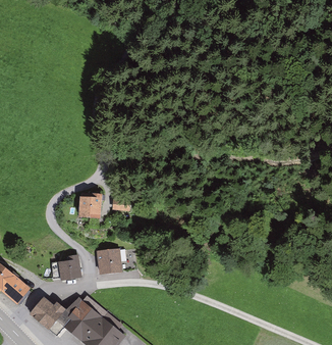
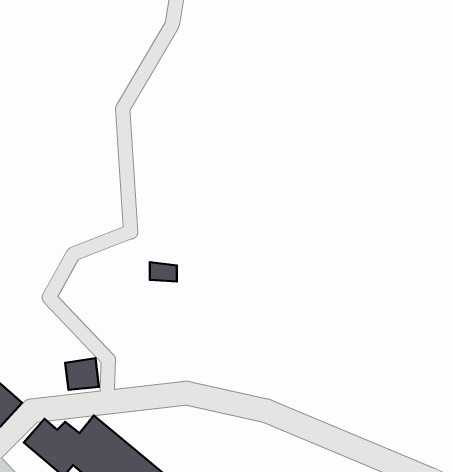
building: [78,193,103,217] -> none
building: [98,249,122,275] -> none

